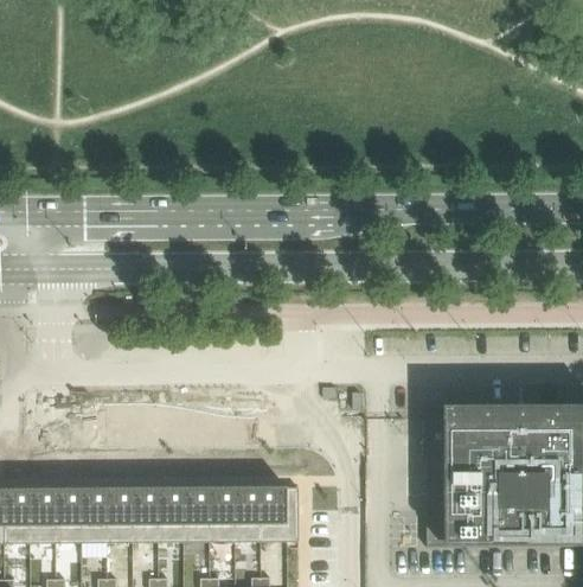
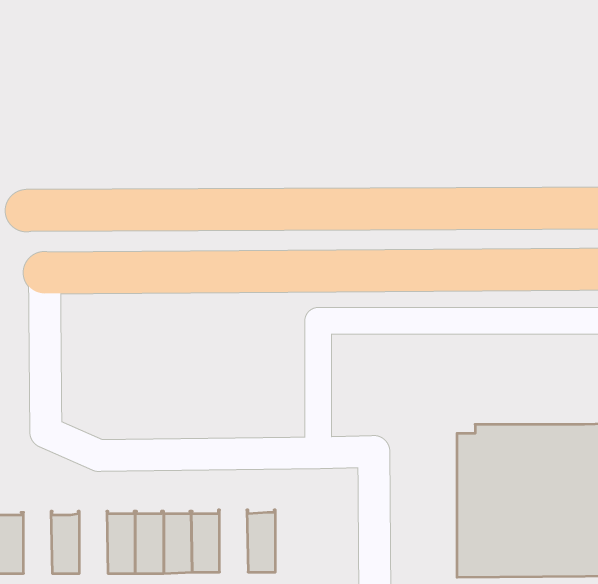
building: [212,483,238,540] -> none
building: [263,483,302,540] -> none
building: [33,484,59,541] -> none
building: [84,484,110,541] -> none

